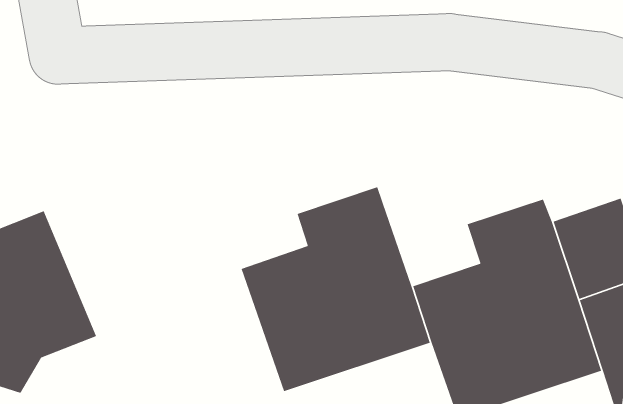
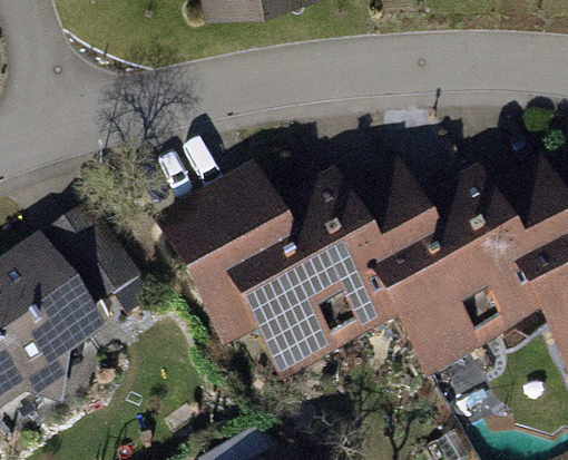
building: none -> [165,182,284,290]
building: none -> [343,173,430,266]

